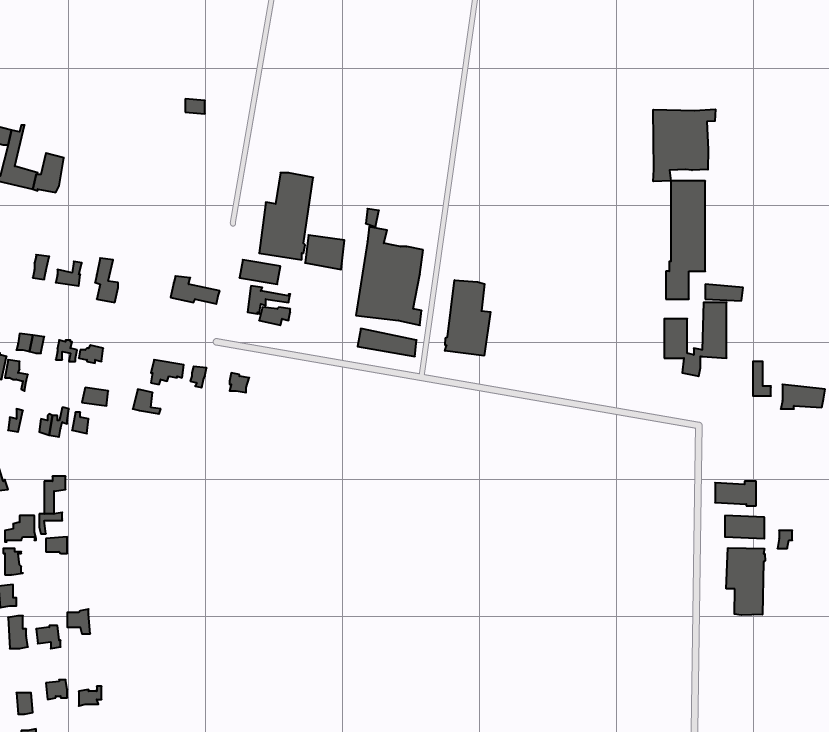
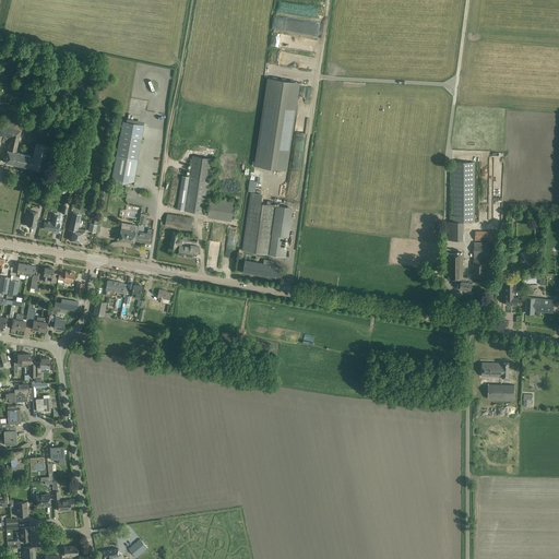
building: none -> [253,78,299,170]
building: [653,109,715,181] -> none
building: none -> [110,121,143,181]
building: [445,280,491,356] -> none
building: [726,548,765,615] -> none

